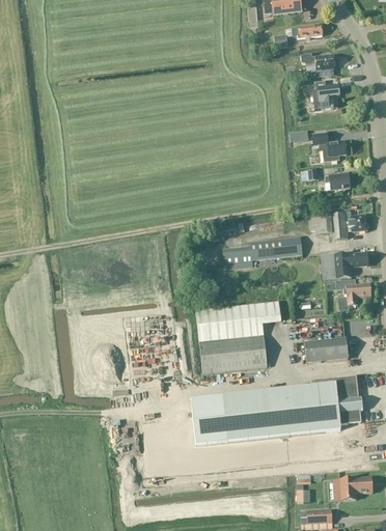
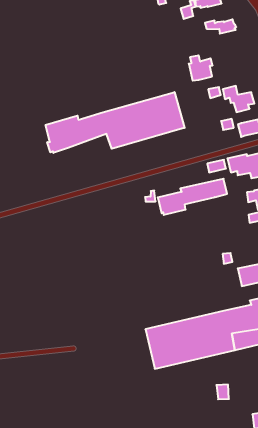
building: [312,80,339,108] -> [189,55,213,81]
building: none -> [46,92,185,153]
building: [196,301,281,372] -> none

